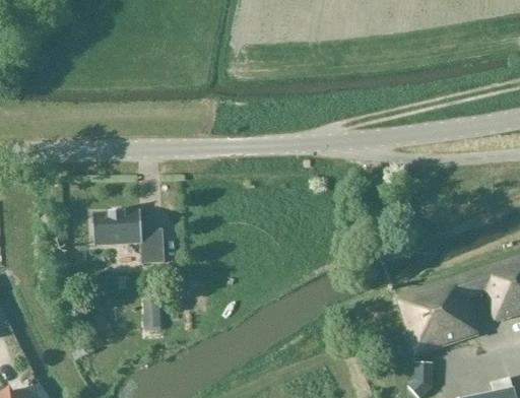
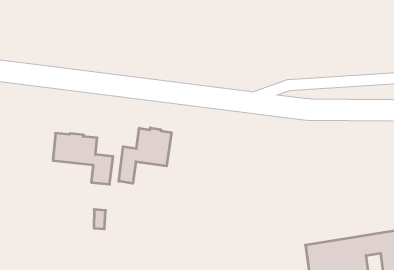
building: none -> [119,128,171,183]

